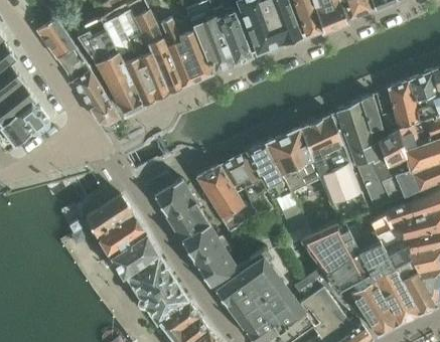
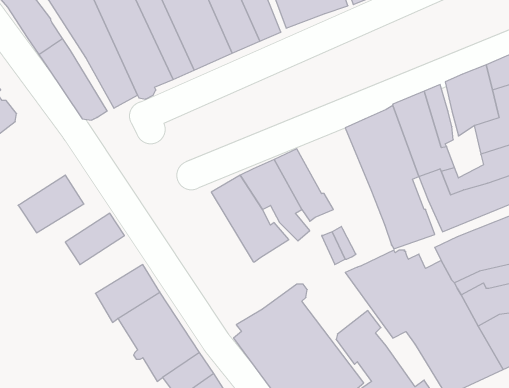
building: [377,116,406,167] -> none
building: [263,129,320,191] -> none
building: [148,172,237,285] -> none
building: [95,211,145,255] -> [18,175,84,233]

